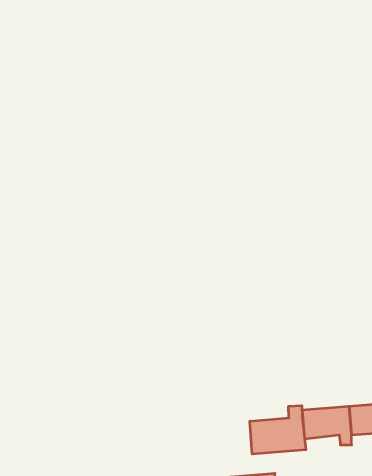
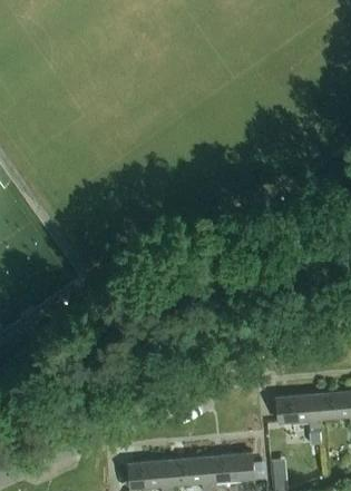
building: [250,406,306,454] -> none

